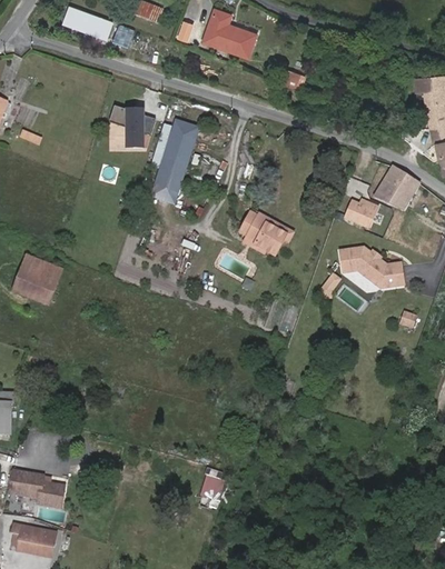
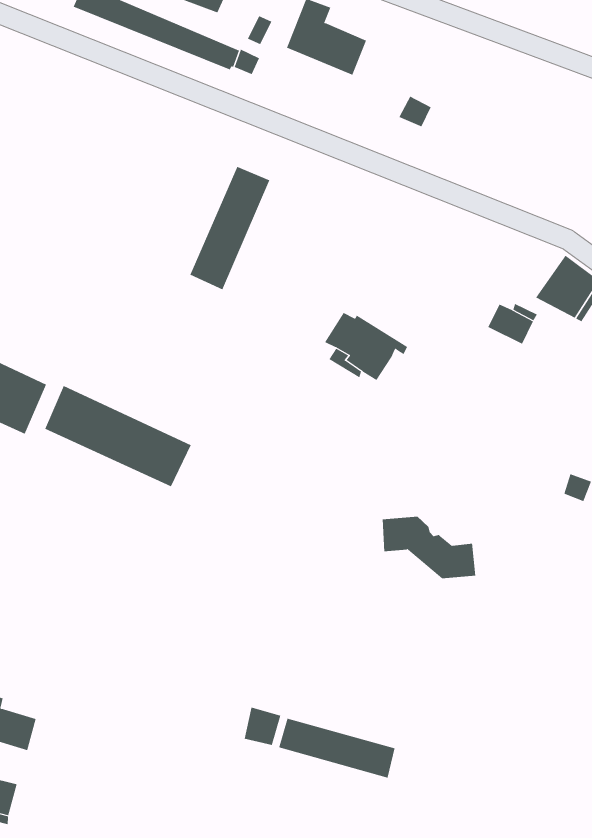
building: [110,107,154,148] -> none
building: [340,248,404,288] -> [382,516,476,579]
building: none -> [45,385,191,487]
building: none -> [278,718,395,778]

